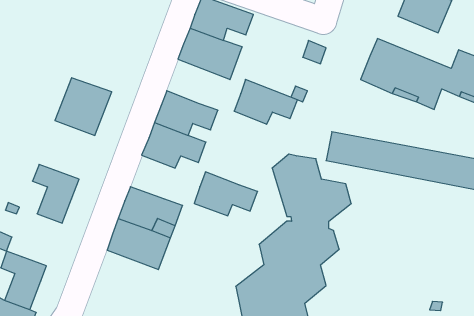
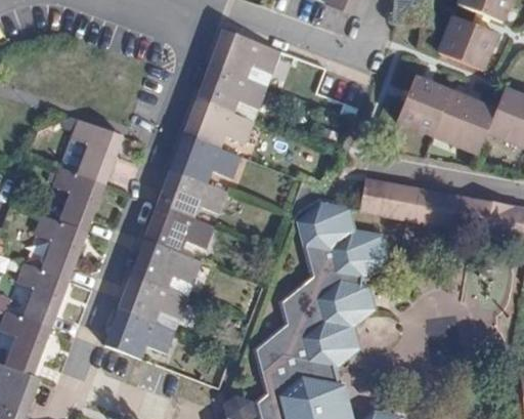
building: [234,79,298,124] -> [183,99,253,149]
building: none -> [53,167,104,232]
building: [194,172,258,216] -> [143,205,213,253]
building: none -> [18,263,69,327]
building: none -> [104,309,174,359]

